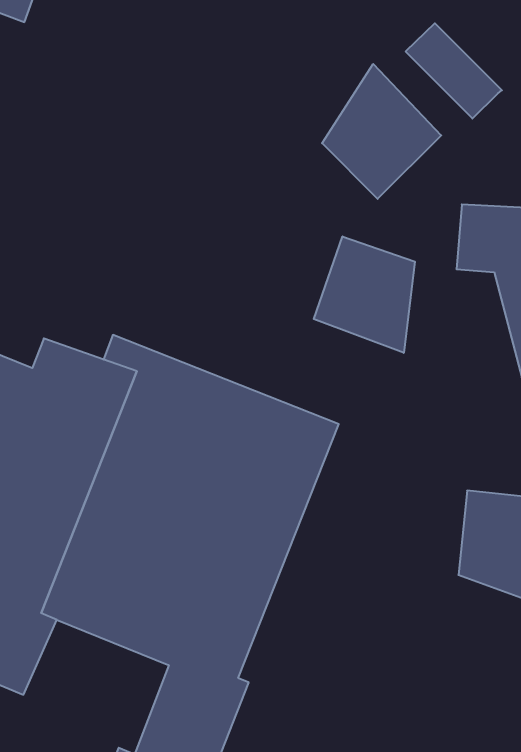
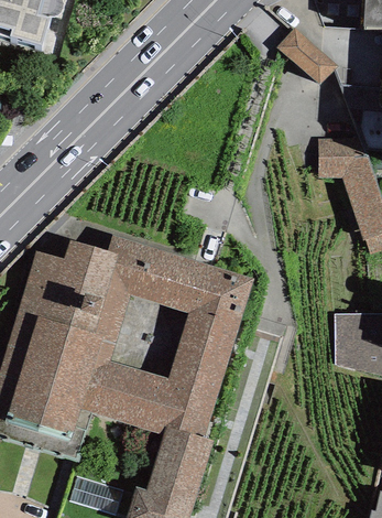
building: [322,64,441,199] -> none
building: [314,236,415,353] -> none

